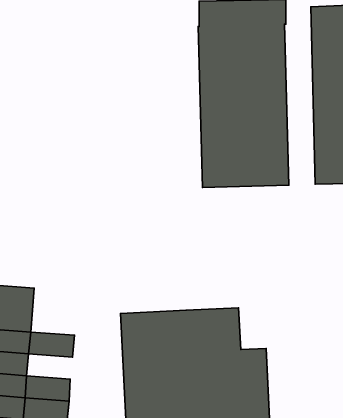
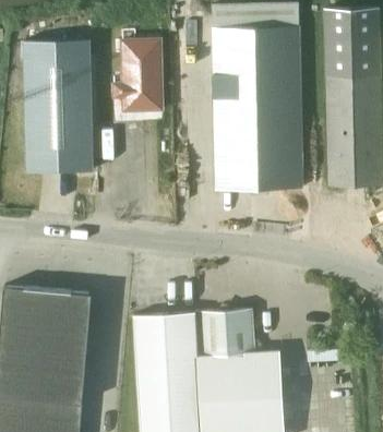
building: none -> [112,39,160,109]
building: none -> [24,40,93,172]
building: none -> [44,290,91,337]
building: none -> [39,356,85,381]

